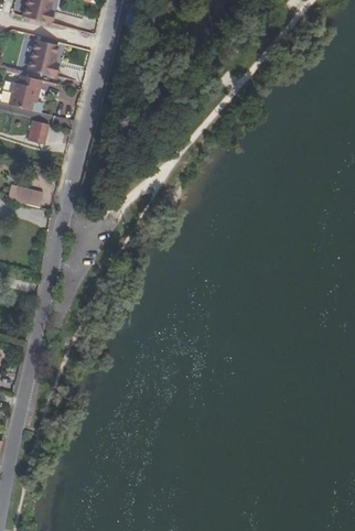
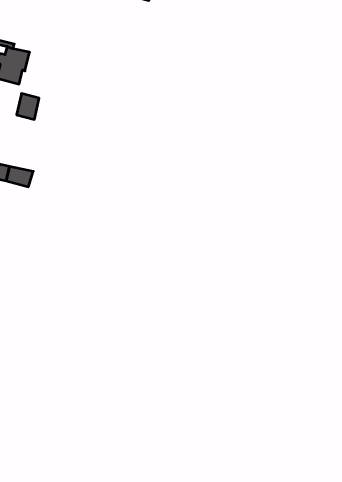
building: [25,39,56,75] -> none

